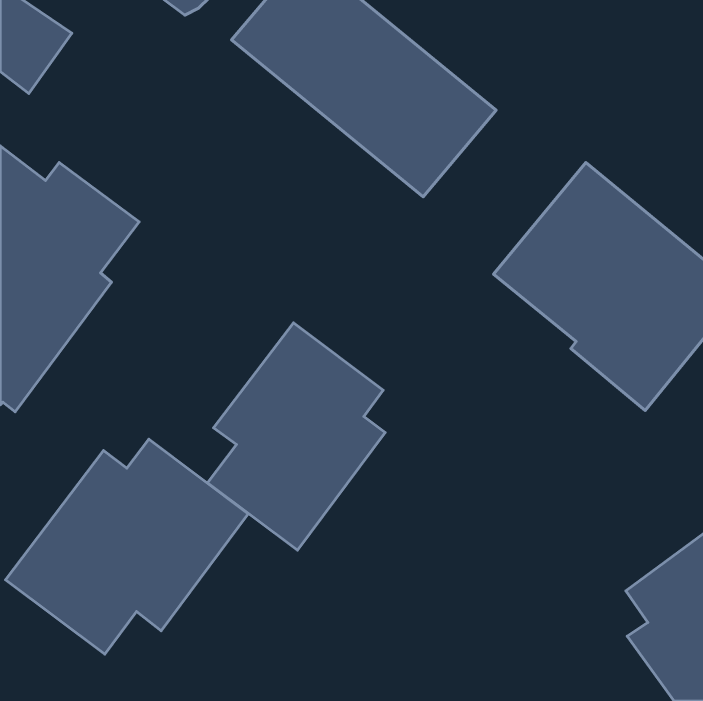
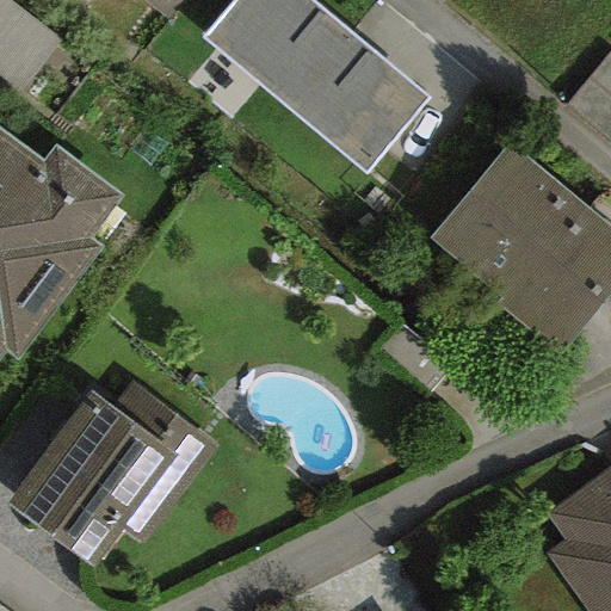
building: [208,323,385,550] -> none

